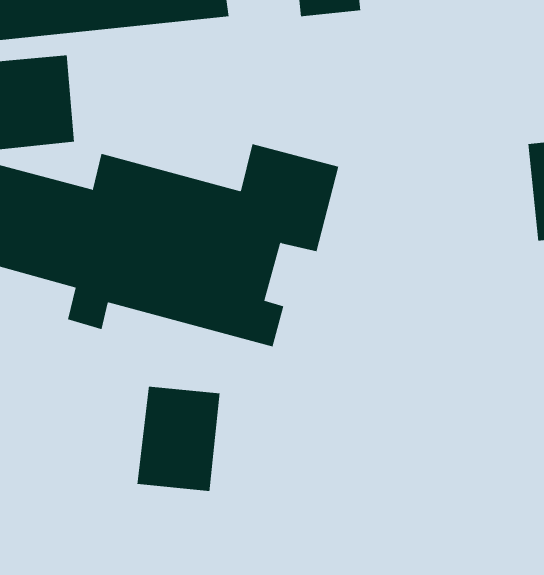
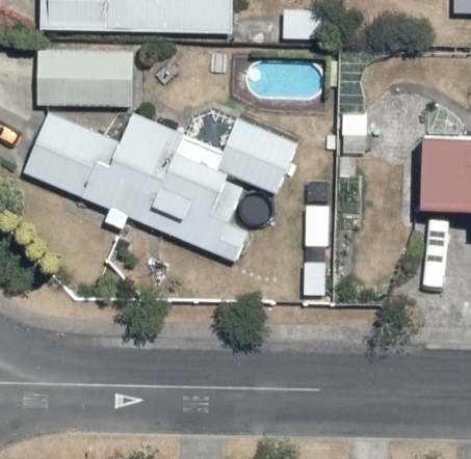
building: [137,386,220,492] -> none

